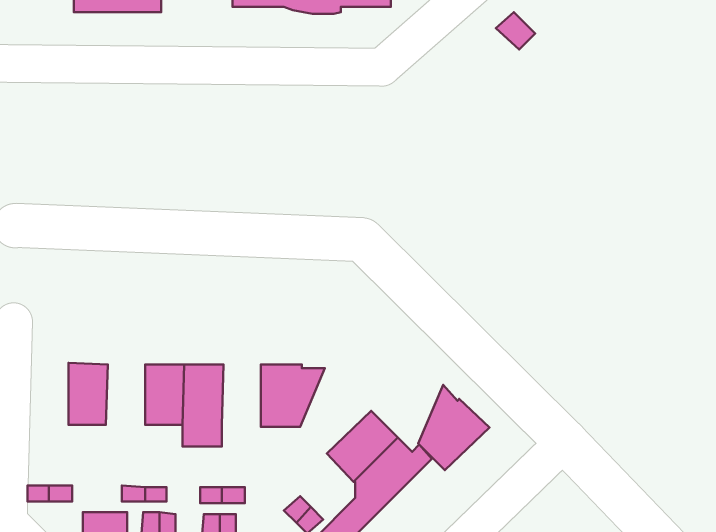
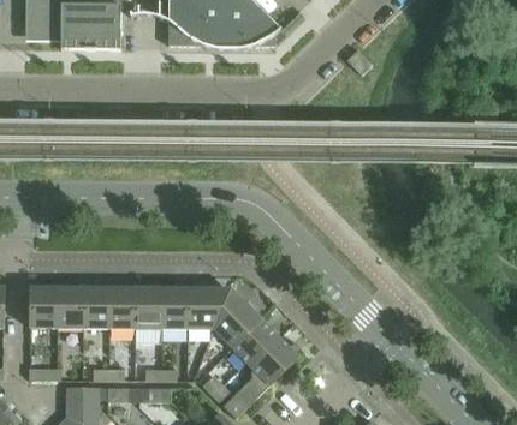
building: none -> [30,286,58,328]
building: none -> [83,287,109,328]
building: none -> [161,287,188,329]
building: [418,385,489,470] -> [214,289,262,347]

